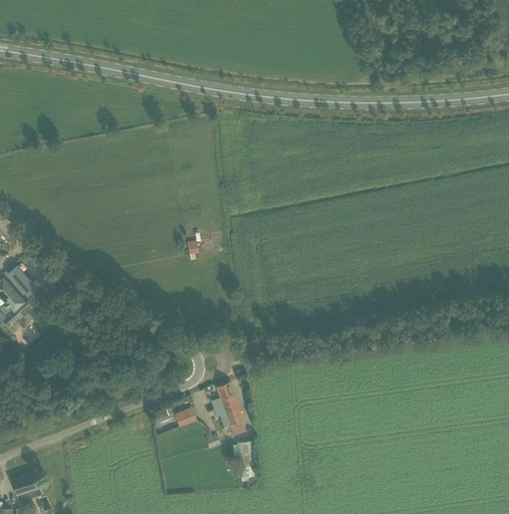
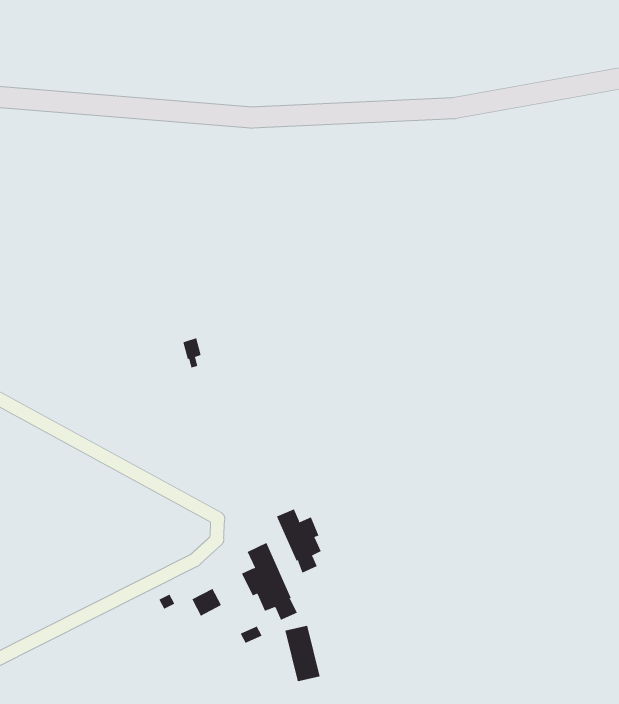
building: none -> [276,508,321,573]

